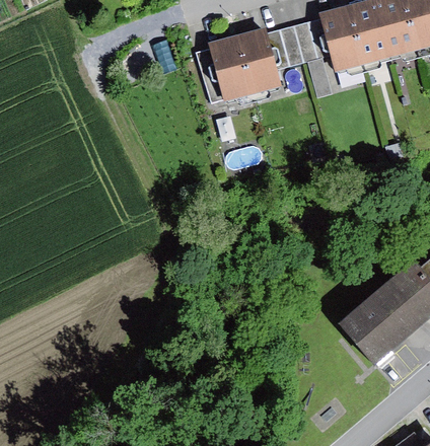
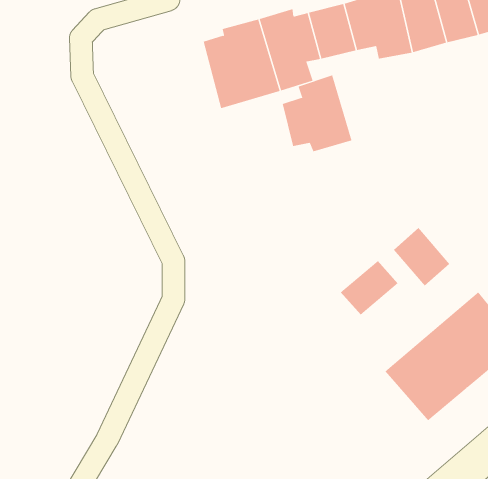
building: none -> [282,75,352,152]
building: none -> [393,227,450,287]
building: none -> [340,260,398,315]

